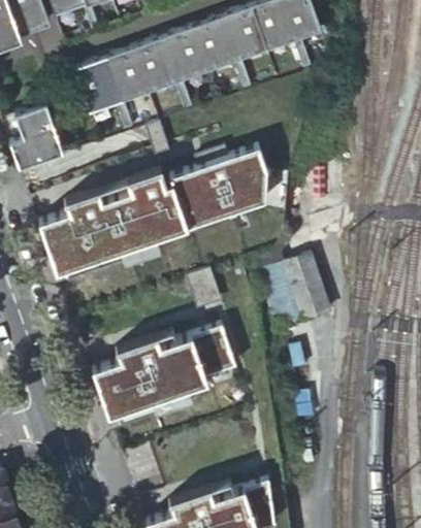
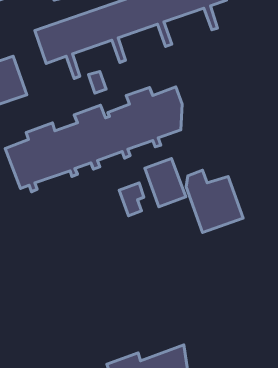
building: none -> [145,158,186,207]
building: [90,324,234,417] -> none

